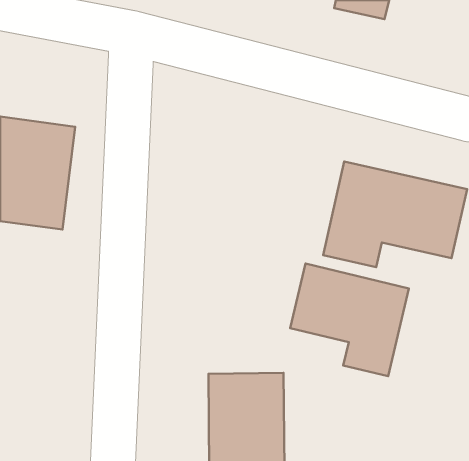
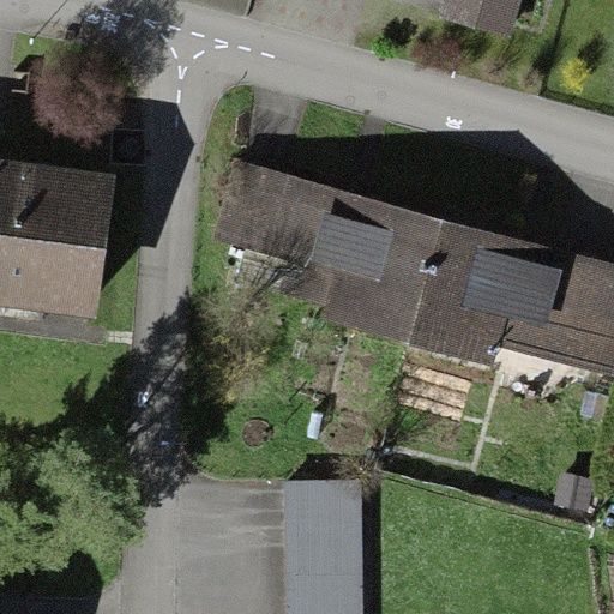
building: none -> [251,179,450,344]
building: [290,264,409,376] -> none

